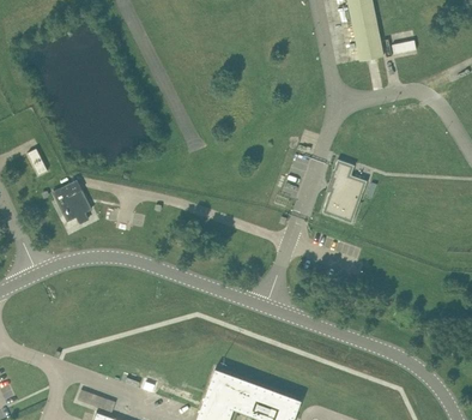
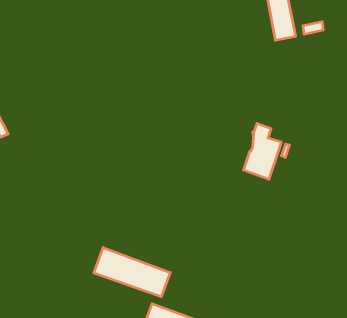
building: [52,182,90,226] -> none
building: none -> [94,247,170,297]

